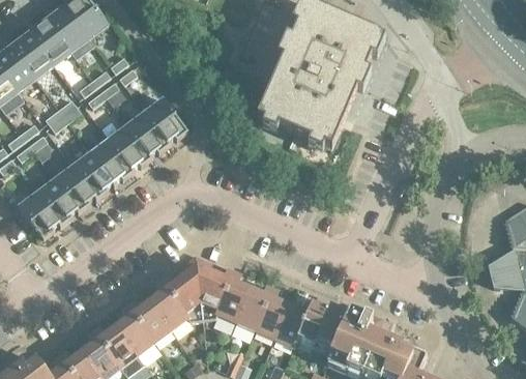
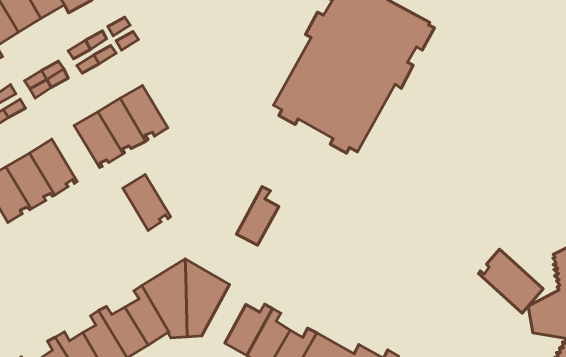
building: [144,97,187,145] -> none
building: [72,151,115,198] -> [123,175,170,230]
building: none -> [478,249,543,313]
building: [216,271,250,321] -> [236,186,279,245]

